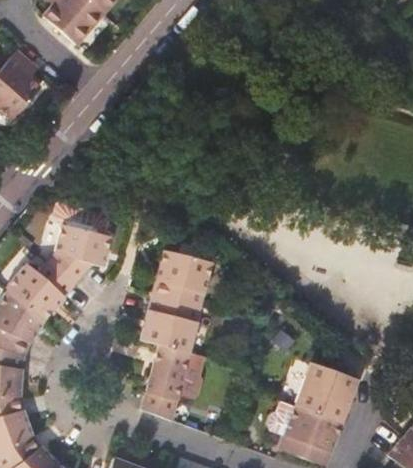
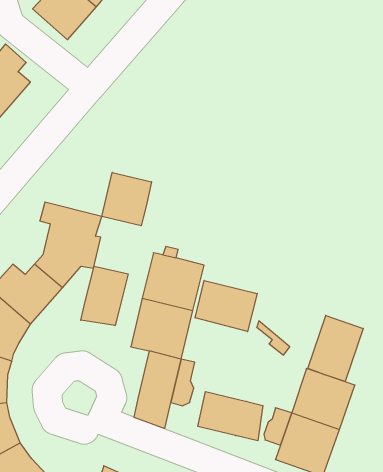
building: none -> [102,172,152,226]
building: none -> [81,266,128,326]
building: none -> [195,280,257,332]
building: none -> [308,315,363,381]
building: none -> [198,392,263,441]

